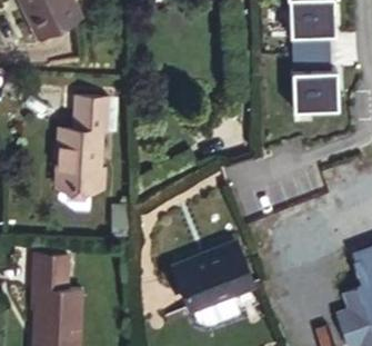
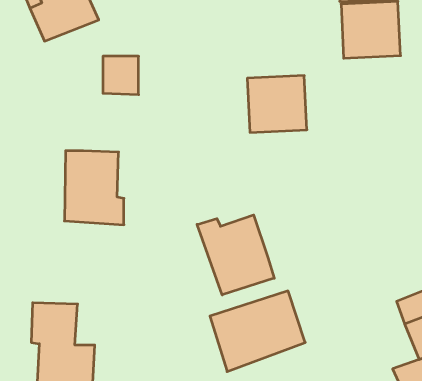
building: [294,72,344,120] -> [247,76,307,132]
building: [72,97,102,129] -> [103,56,139,95]
building: none -> [197,215,274,295]

